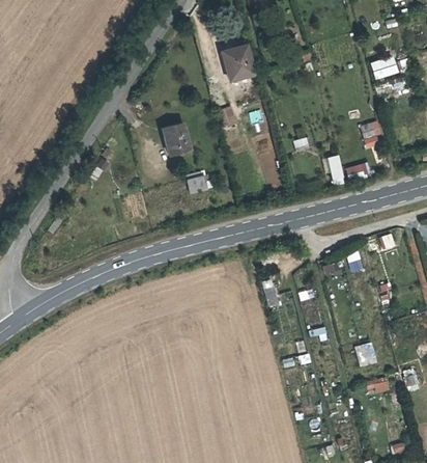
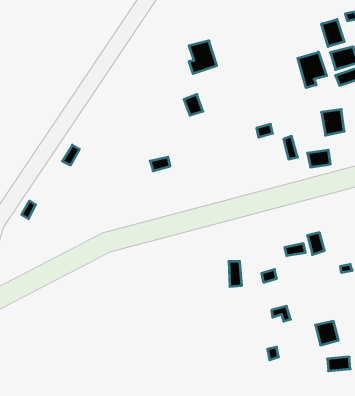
building: none -> [322,19,344,47]
building: none -> [298,52,327,88]
building: [158,115,184,149] -> none

